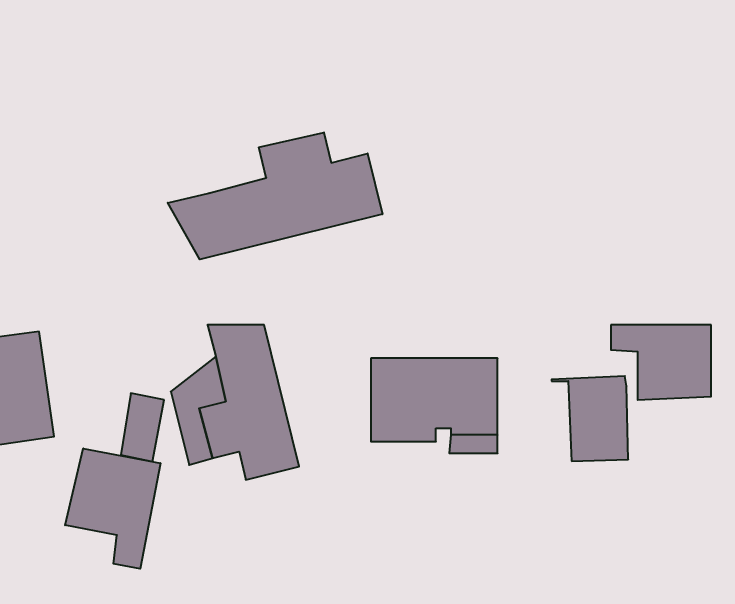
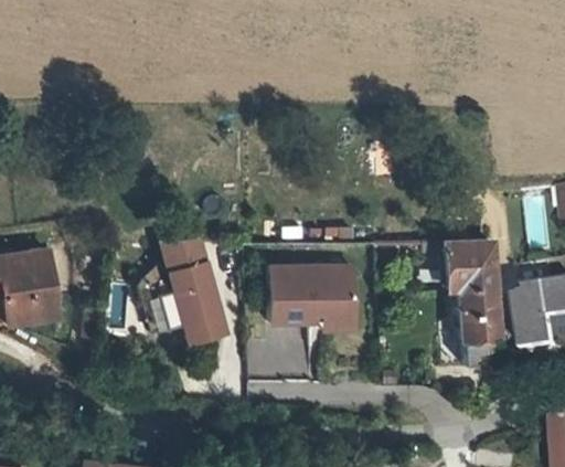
building: [168,132,382,259] -> none
building: [552,376,628,461] -> [448,289,499,346]
building: [65,448,160,569] -> none

